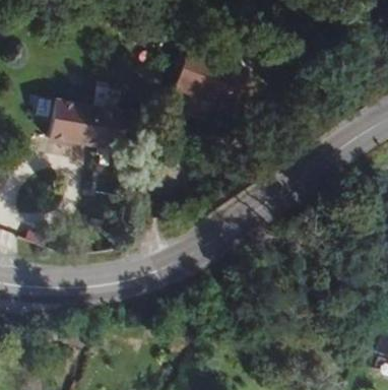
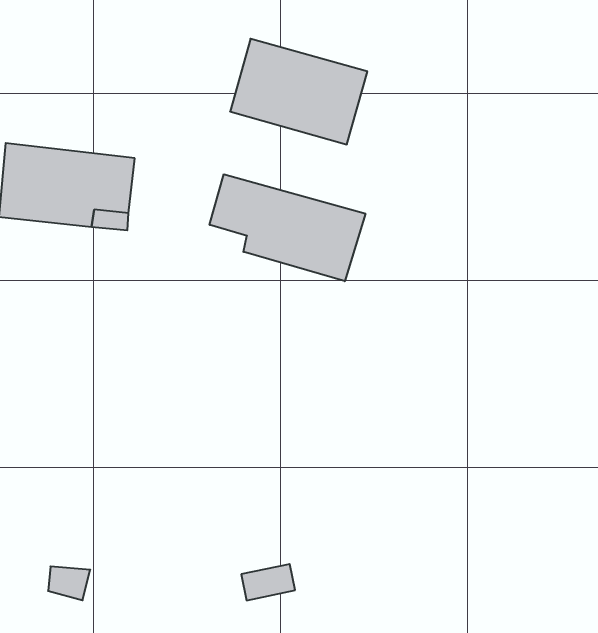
building: none -> [210,174,365,281]

